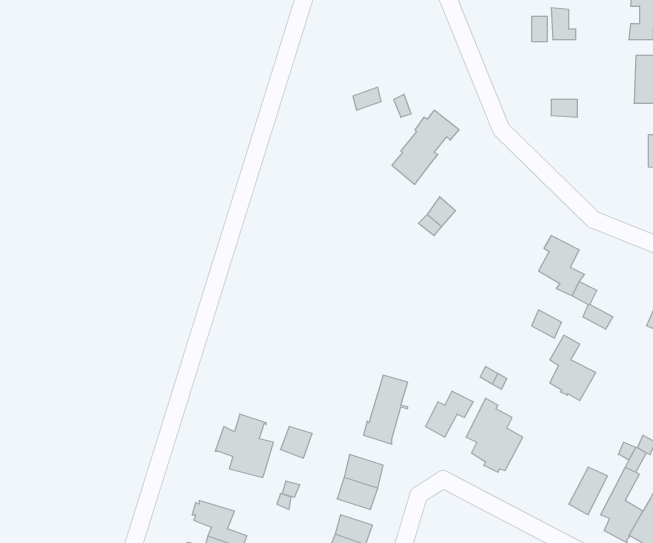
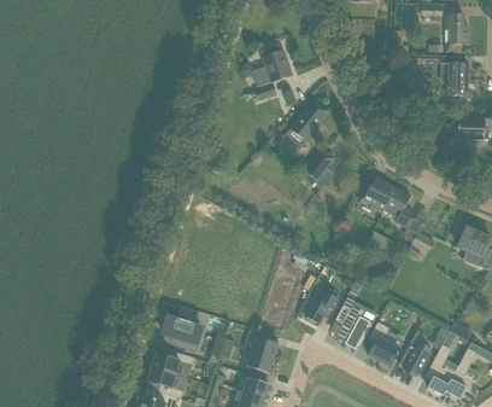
building: none -> [263,50,291,81]
building: none -> [361,176,391,211]
building: [550,335,596,401] -> [368,321,399,366]
building: none -> [151,349,194,373]

